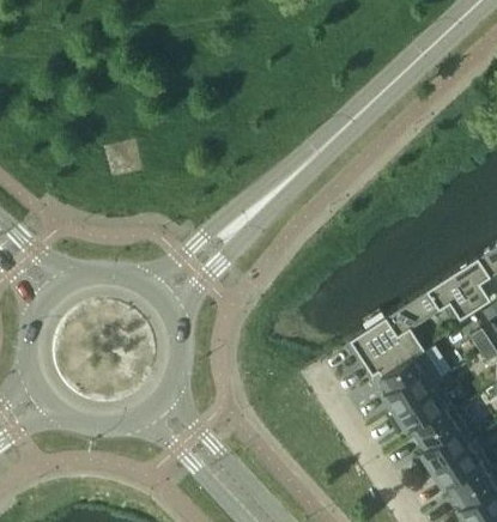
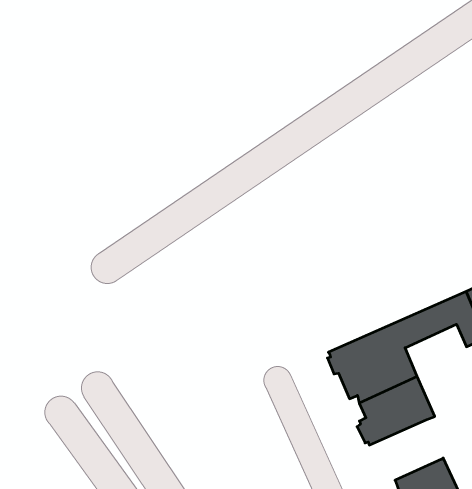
building: [393,384,454,437] -> none

